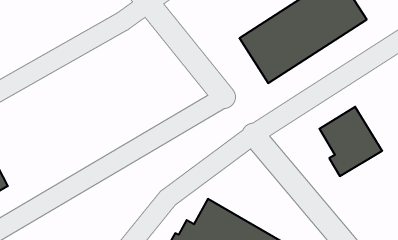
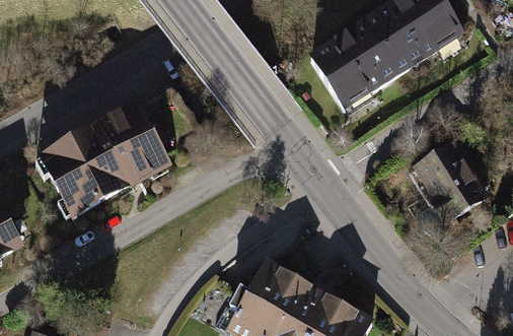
building: none -> [31,102,168,219]

